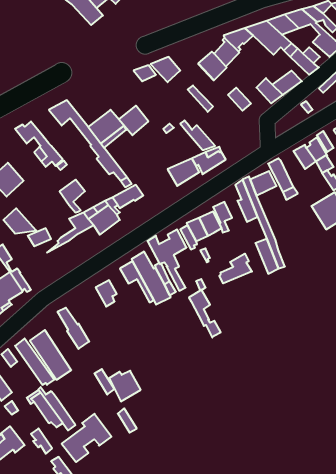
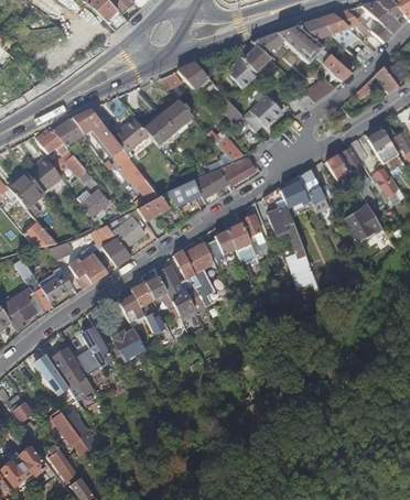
building: none -> [161,99,192,130]
building: none -> [242,102,272,131]
building: none -> [52,118,84,146]
building: none -> [28,157,61,192]
building: none -> [168,180,199,209]
building: none -> [101,238,131,268]
building: none -> [68,253,107,290]
building: none -> [40,267,73,302]
building: [219,254,252,283] -> none
building: [189,290,221,338] -> [131,283,164,333]
building: [109,371,141,401] -> [111,329,144,361]
building: [62,414,111,462] -> none

